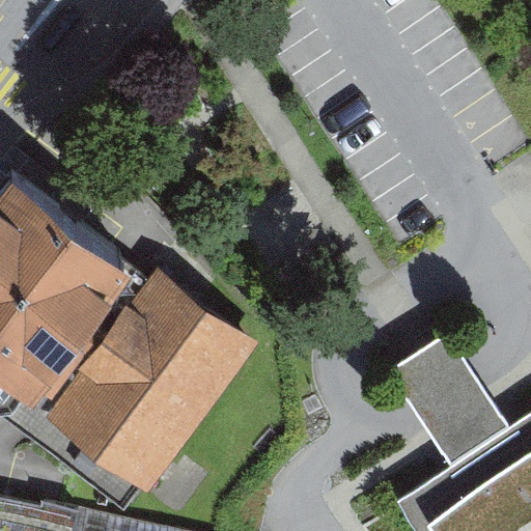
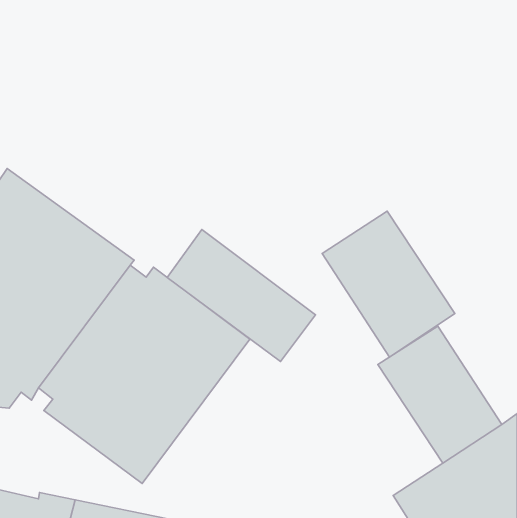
building: none -> [322,211,455,357]
building: none -> [167,230,315,362]

